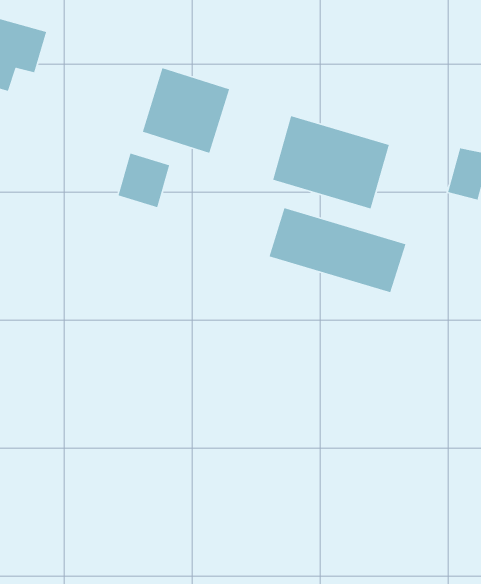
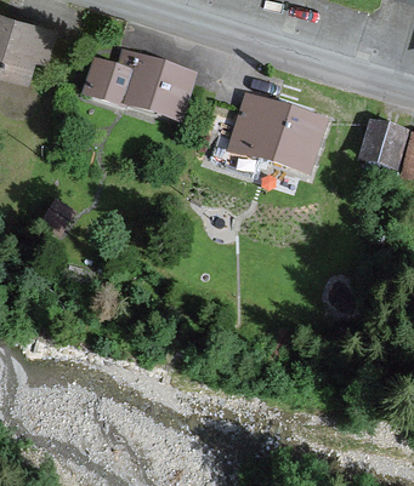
building: [118,152,170,208] -> [86,62,127,105]
building: [268,207,406,293] -> none

